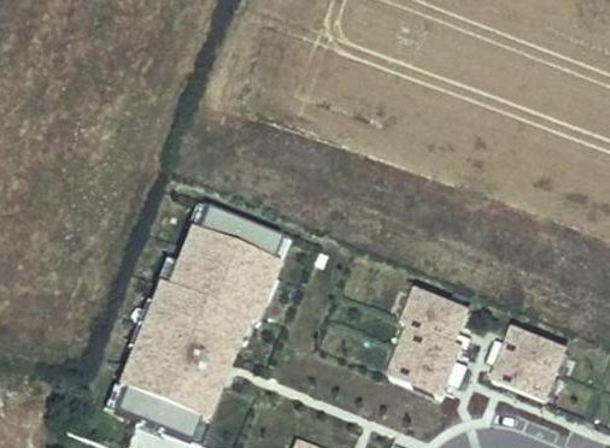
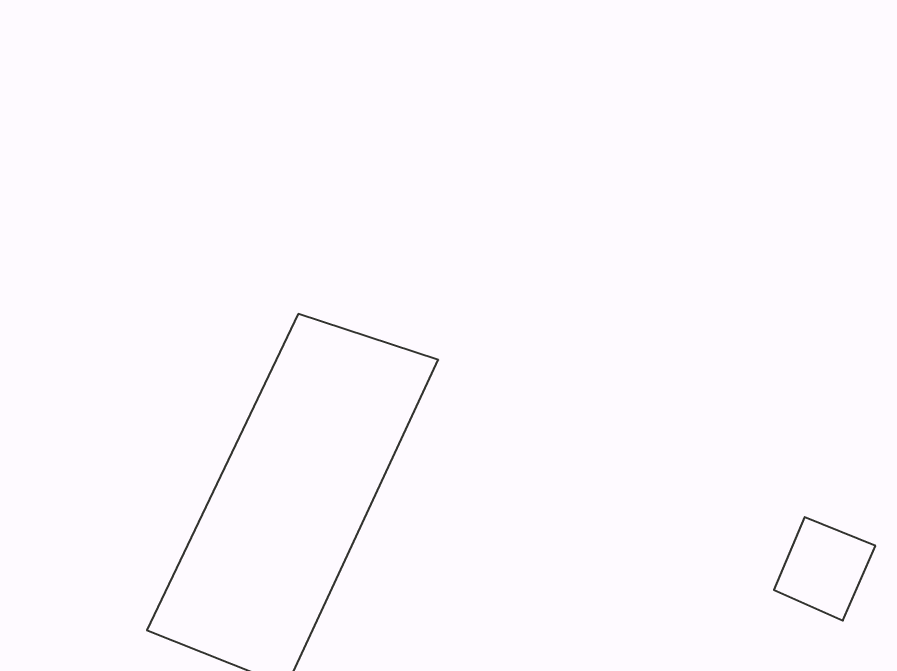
building: [385,291,470,395] -> none

